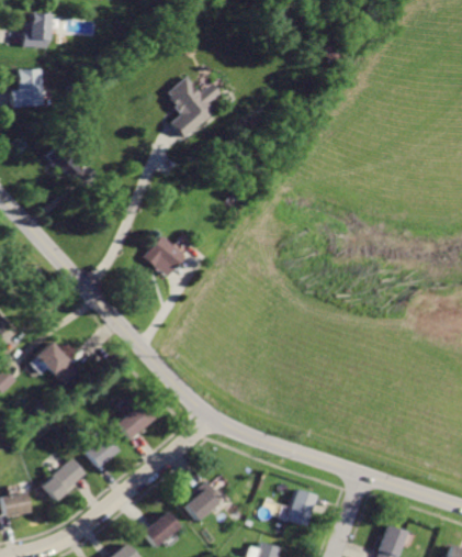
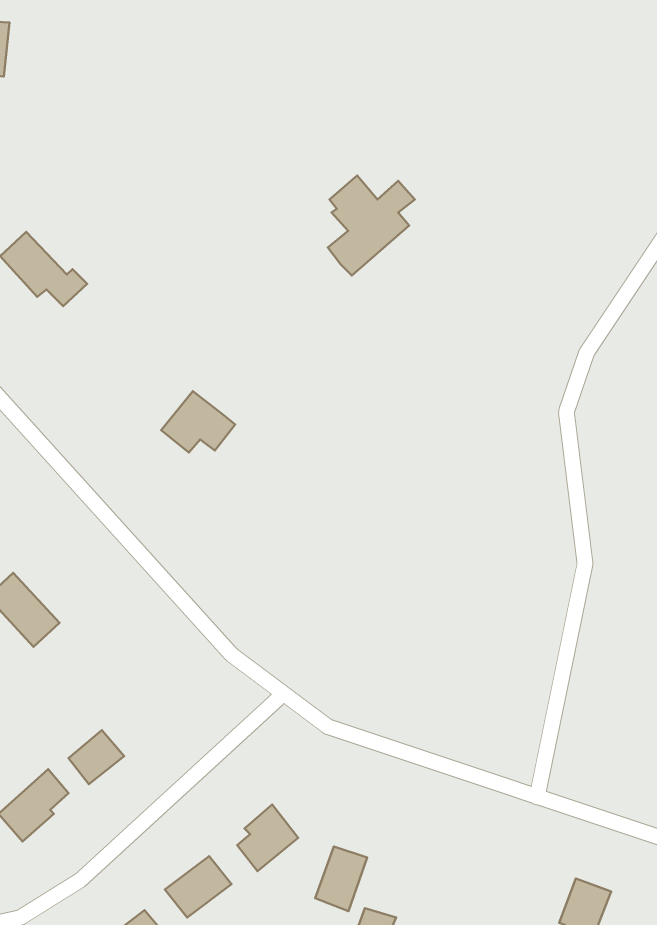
building: [169,80,221,140] -> [328,175,415,275]
building: [116,402,155,438] -> none
building: [284,488,315,526] -> [315,846,367,911]

